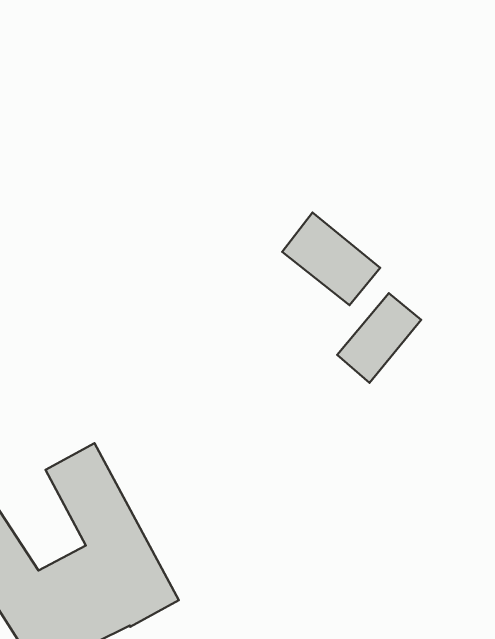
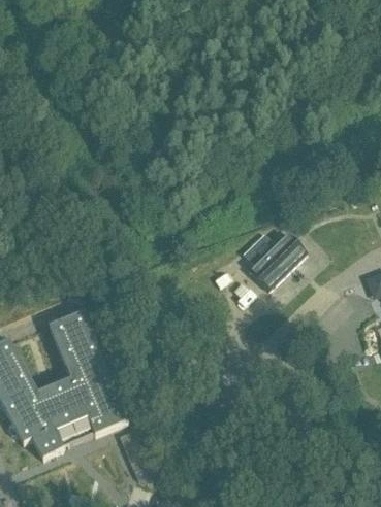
building: [282,213,380,305] -> none

